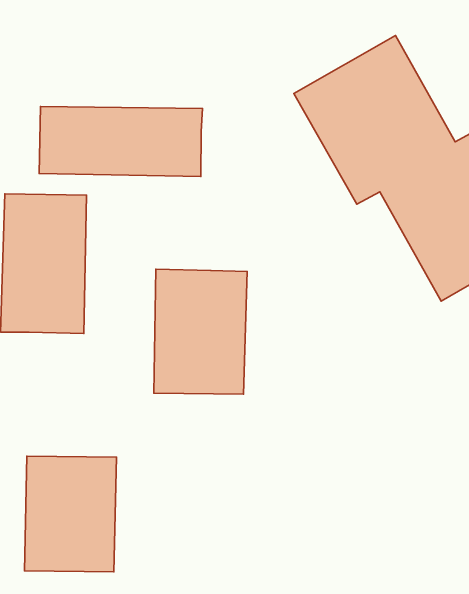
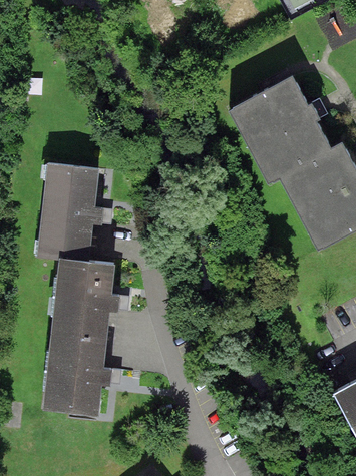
building: [39,107,202,177] -> none
building: [154,269,247,394] -> [48,257,112,340]

